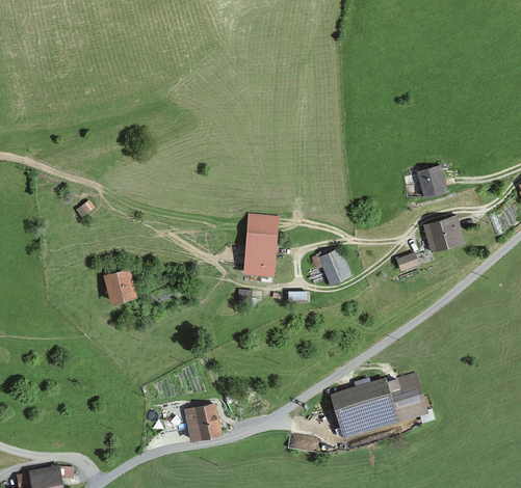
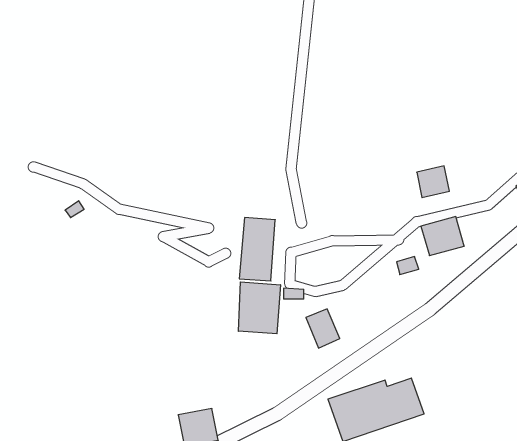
building: [318,248,351,287] -> [306,309,340,348]
building: [104,270,138,306] -> none
building: none -> [238,282,280,334]

